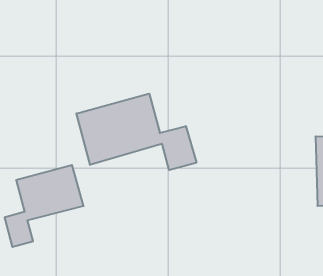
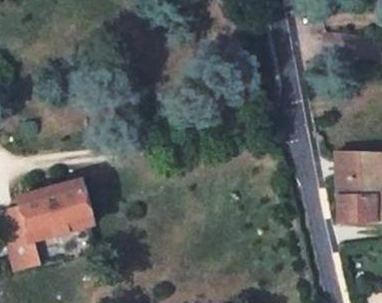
building: [76,94,196,170] -> none

